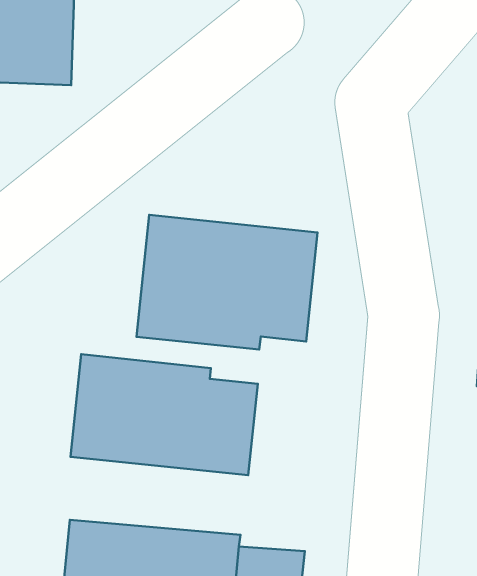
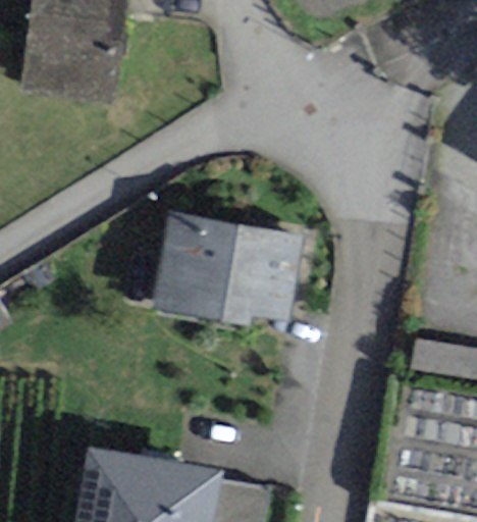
building: [71,354,258,475] -> none

